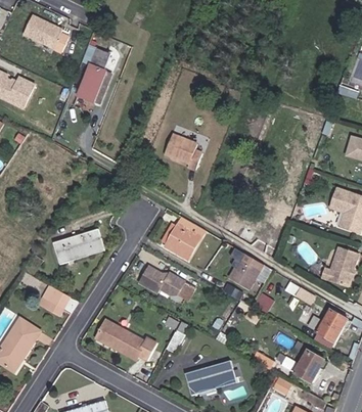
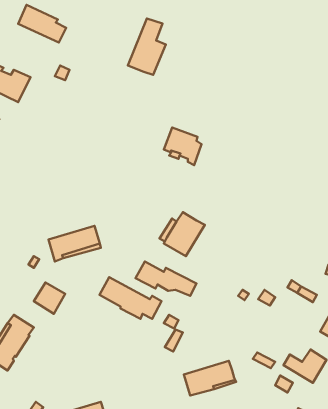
building: [76,49,112,104] -> [128,18,166,75]
building: [229,246,261,286] -> none
building: [95,320,155,361] -> [100,277,161,319]

